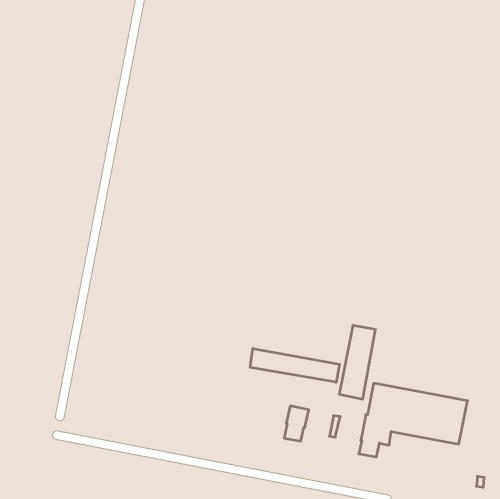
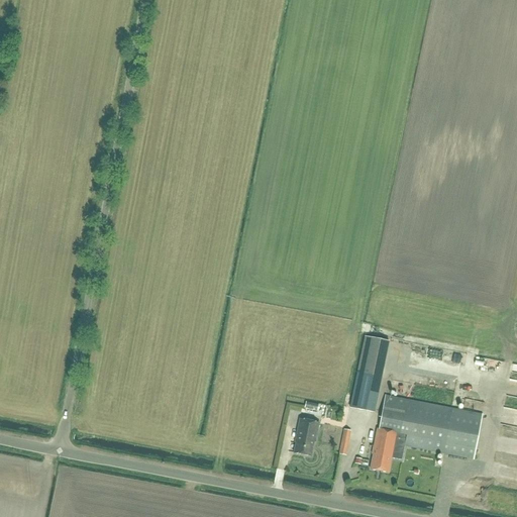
building: [250,348,340,382] -> none

